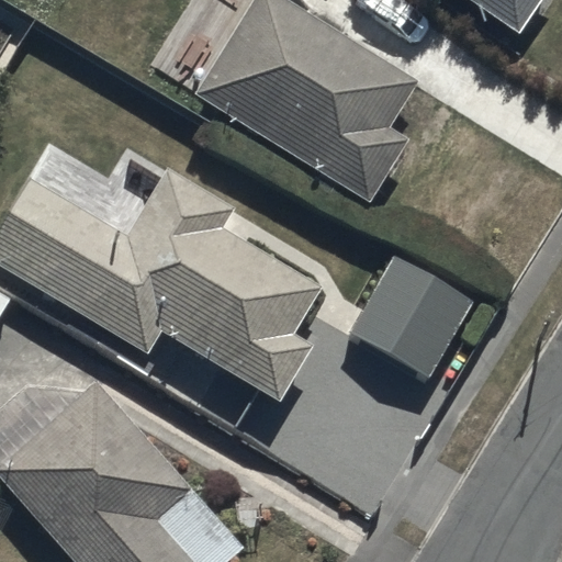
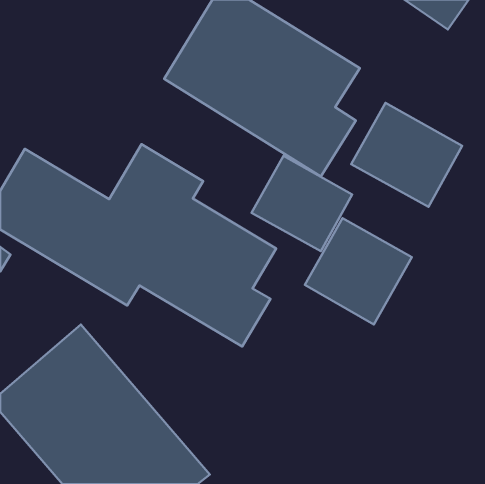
building: none -> [351,103,462,207]
building: none -> [252,156,352,251]

